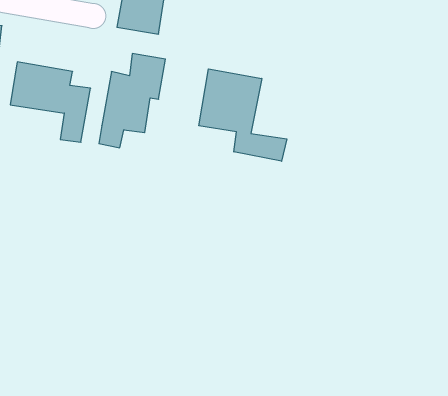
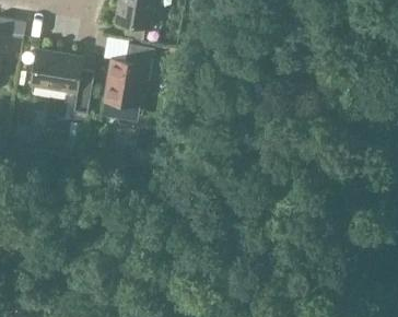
building: [199,69,287,161] -> none

